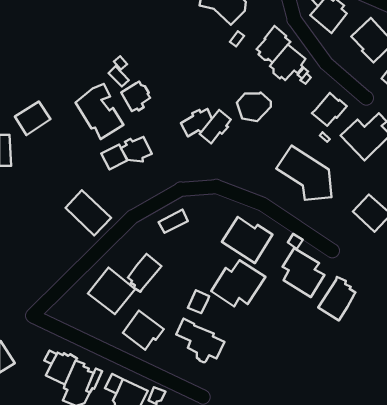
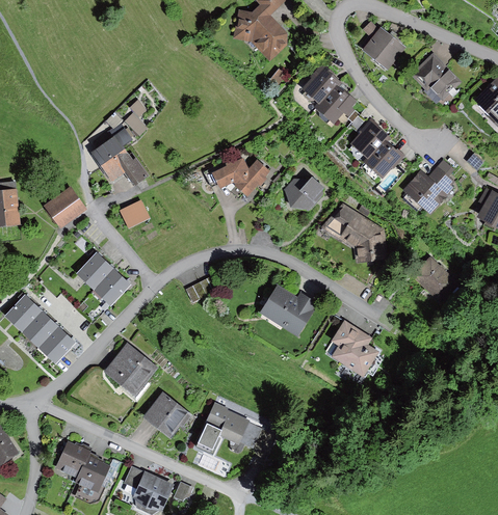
building: none -> [350,116,389,159]
building: [121,82,150,111] -> none
building: [237,93,271,121] -> [285,178,324,211]
building: [15,101,50,135] -> [41,188,82,227]
building: [121,137,152,162] -> none
building: none -> [6,296,75,362]
building: [128,254,161,292] -> none
building: [211,260,265,306] -> none
building: [318,277,356,320] -> none
building: [188,290,209,313] -> [198,424,222,451]

